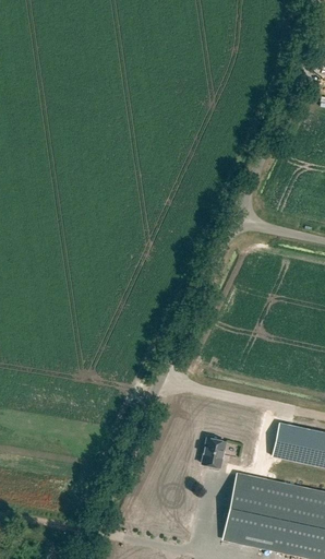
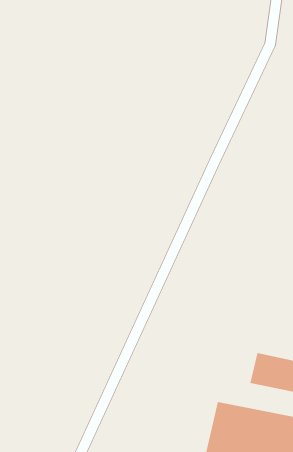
building: [201,437,226,466] -> none

